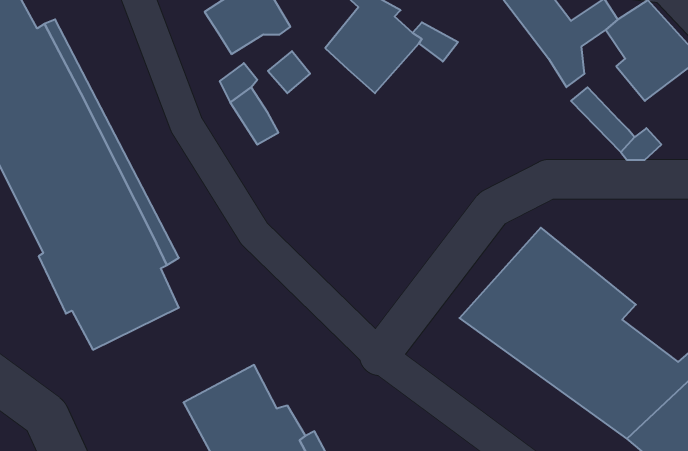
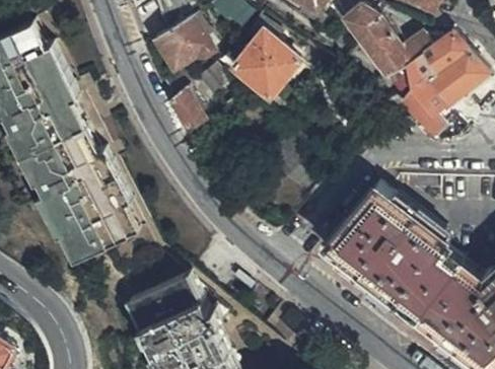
building: none -> [407,54,449,115]

